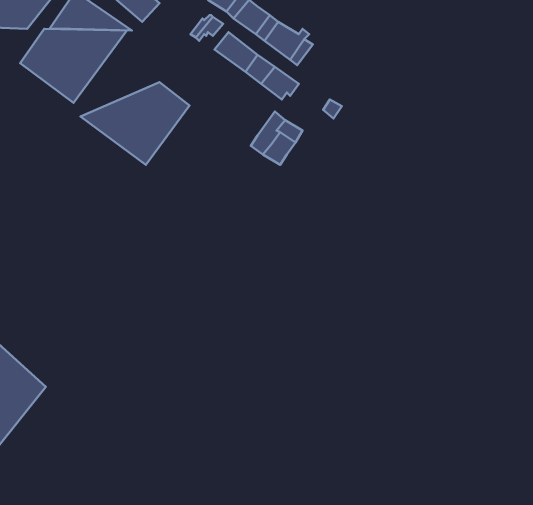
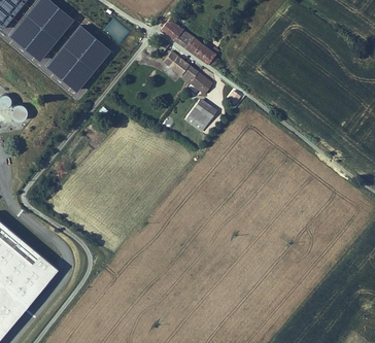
building: [80,82,190,165] -> none

